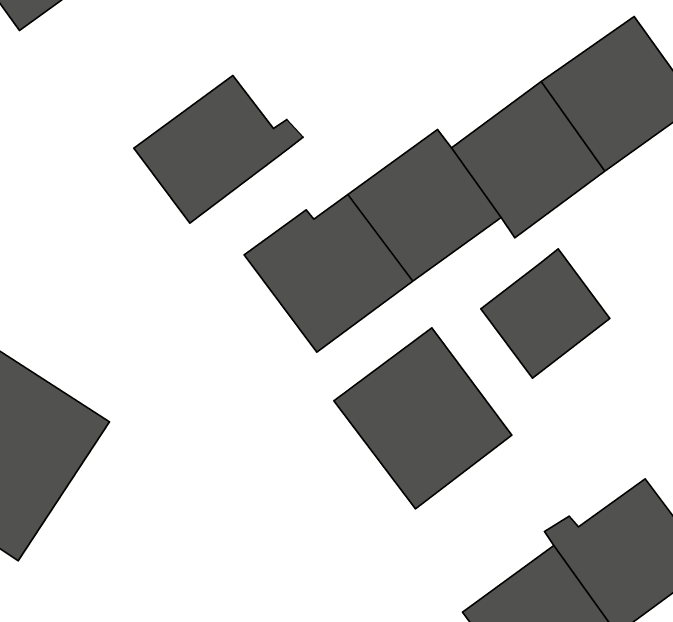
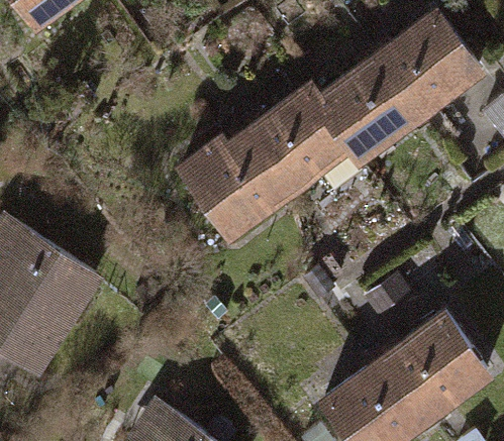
building: [134,75,303,223] -> none
building: [481,249,610,378] -> none
building: [334,328,512,509] -> none

